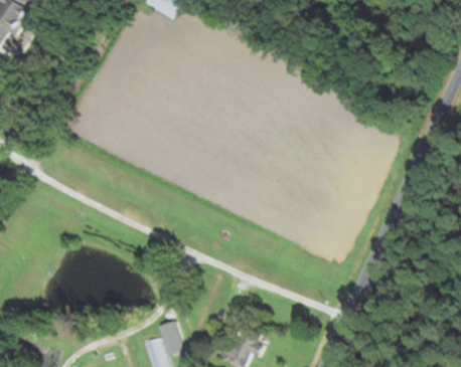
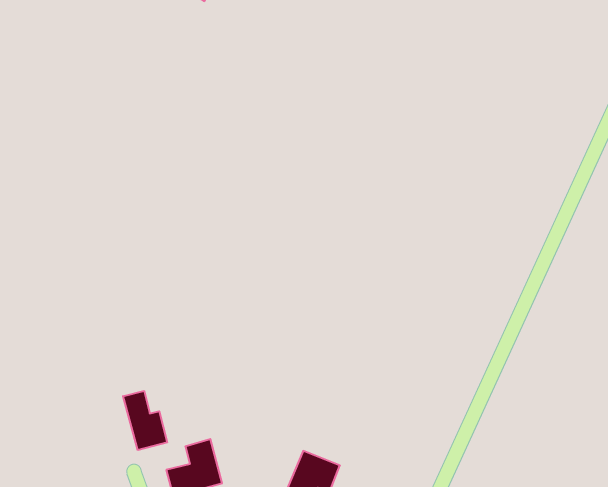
building: none -> [123,391,167,450]

